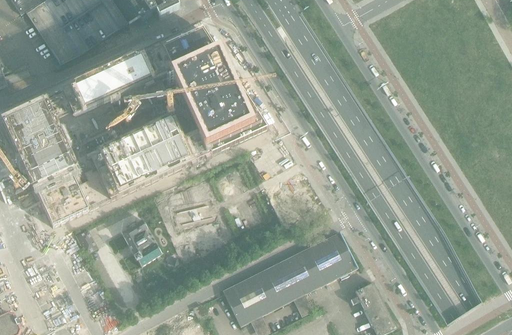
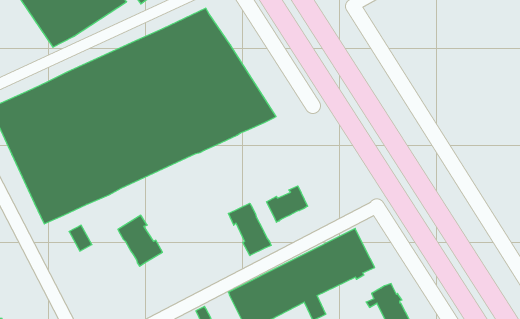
building: none -> [267,186,308,222]
building: none -> [228,203,271,256]

